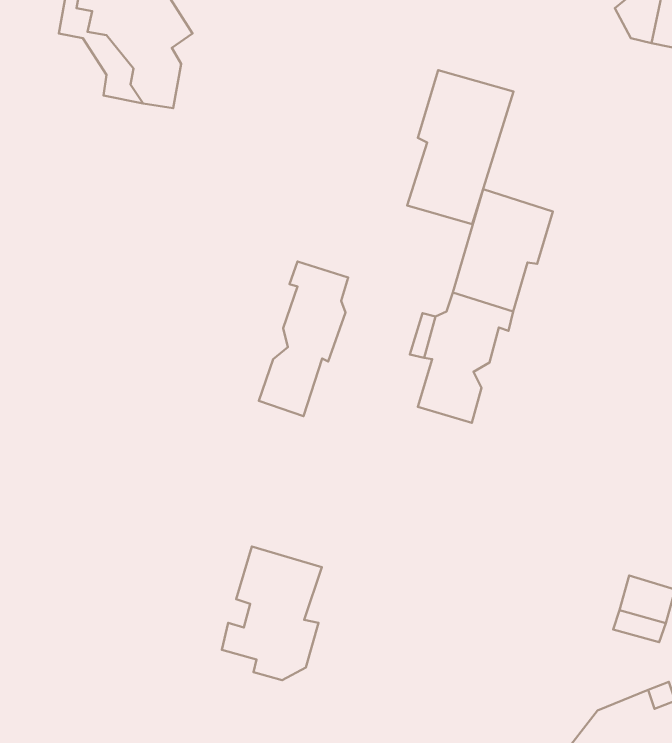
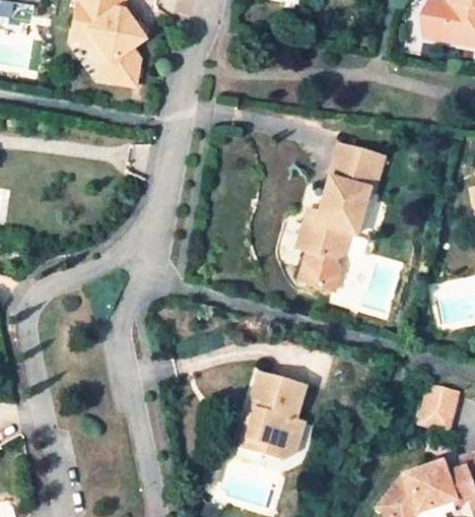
building: [407,70,513,224] -> none
building: [259,262,348,416] -> none
building: [222,547,322,680] -> [245,372,309,457]

